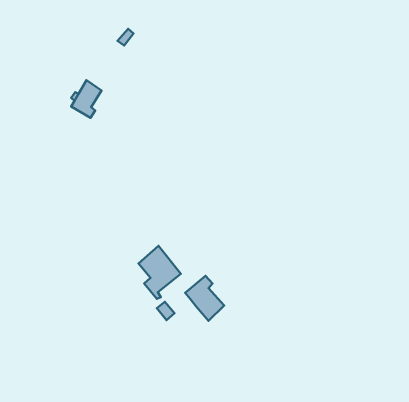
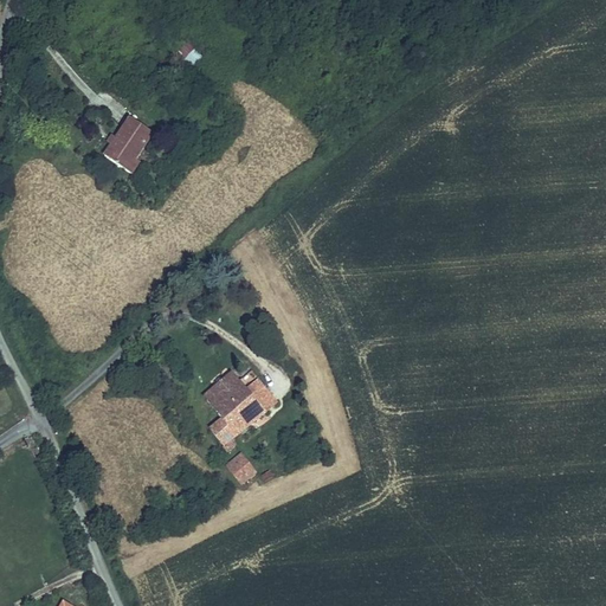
building: [185,276,224,321] -> none

